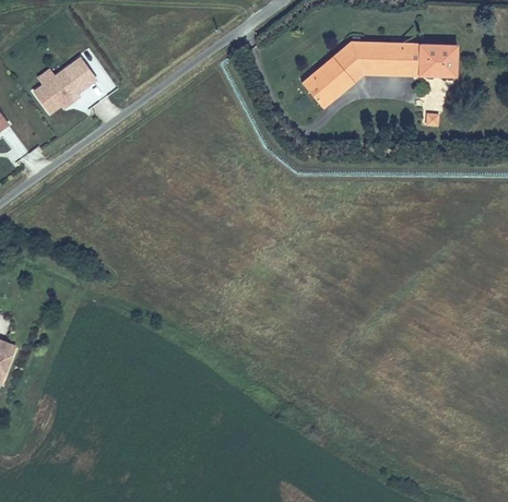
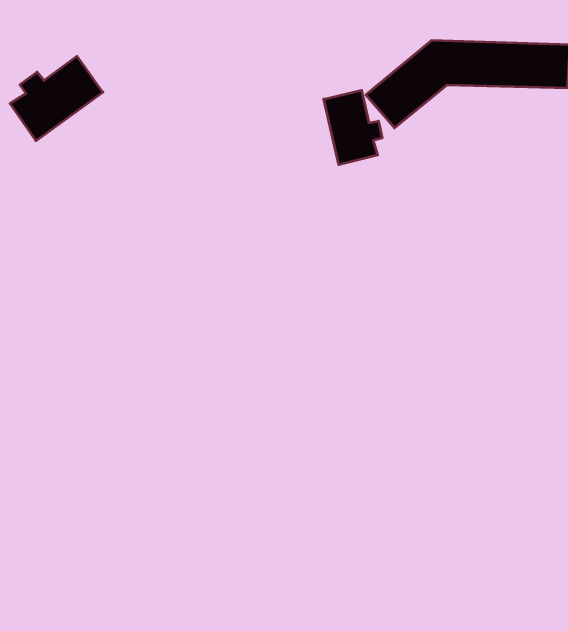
building: none -> [324,90,382,165]

